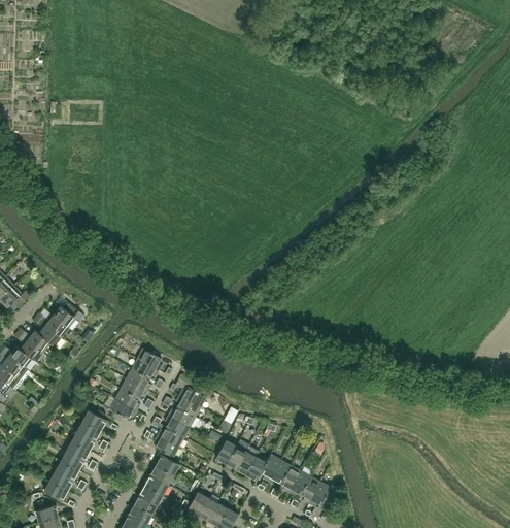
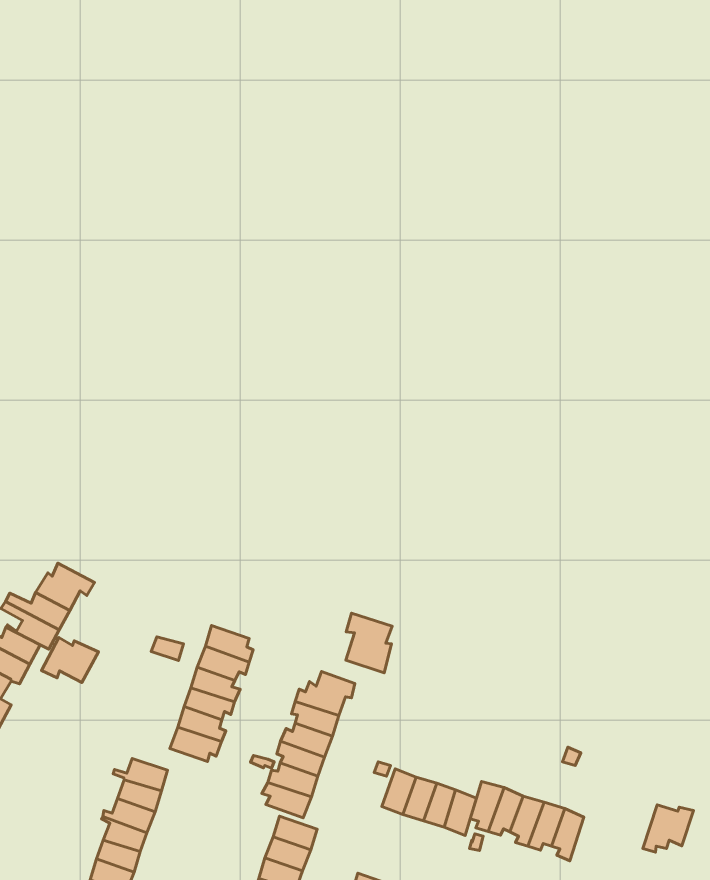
building: none -> [42,637,98,682]
building: none -> [346,613,392,673]
building: [308,483,338,507] -> [643,805,693,852]

